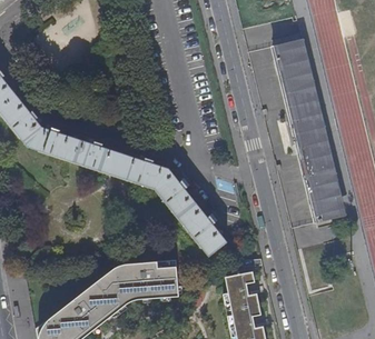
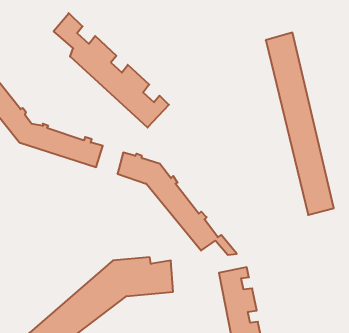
building: none -> [54,13,169,128]
building: [105,151,131,179] -> none

